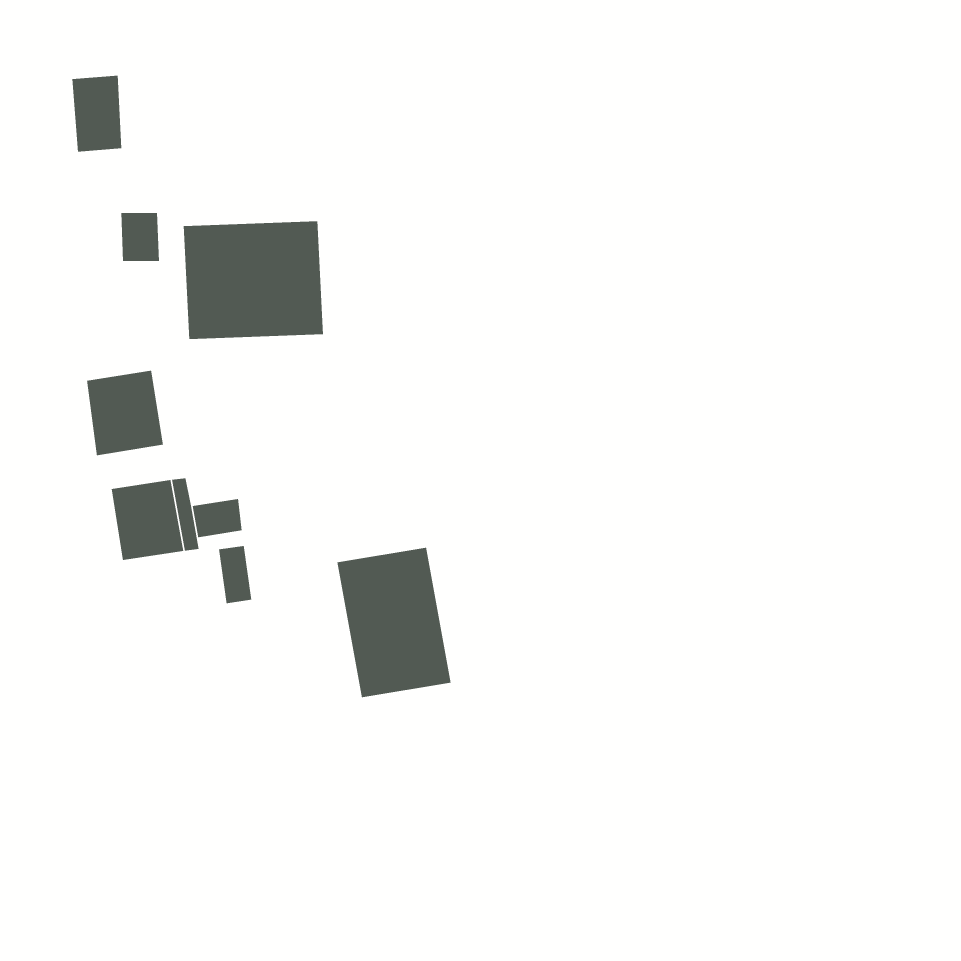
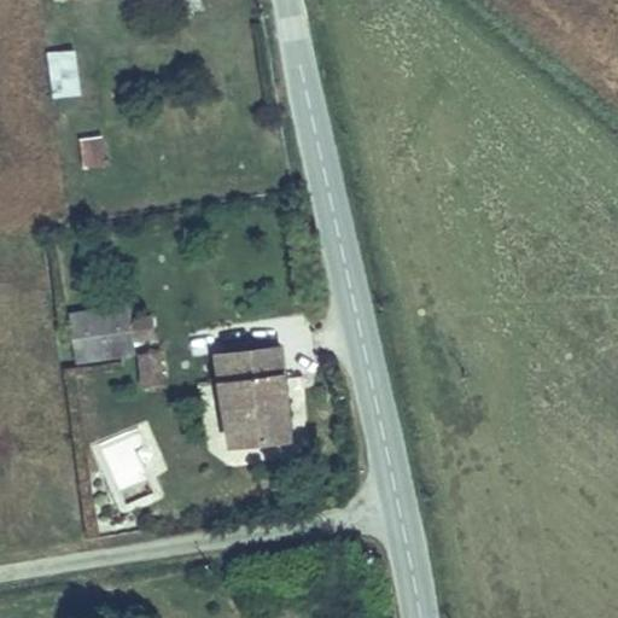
building: [183,220,324,340] -> none
building: [87,370,163,456] -> none

